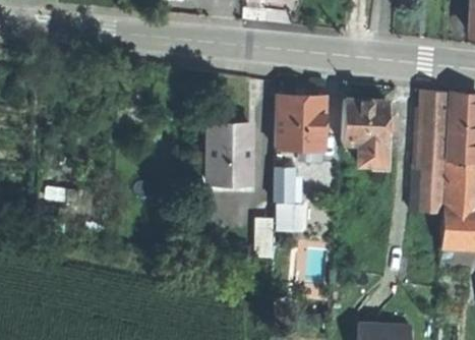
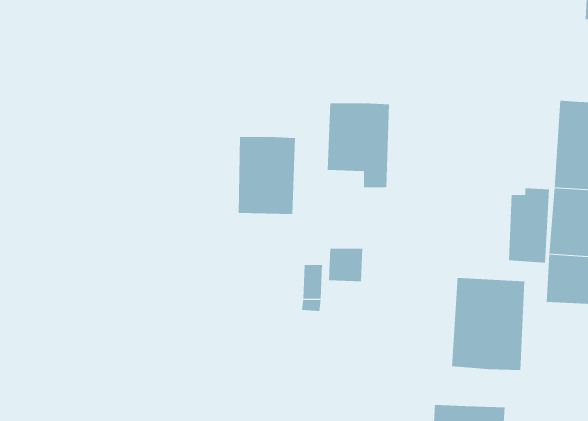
building: [414,92,448,166] -> none
building: [341,100,387,168] -> none
building: [275,170,302,205] -> none
building: none -> [452,277,525,371]

